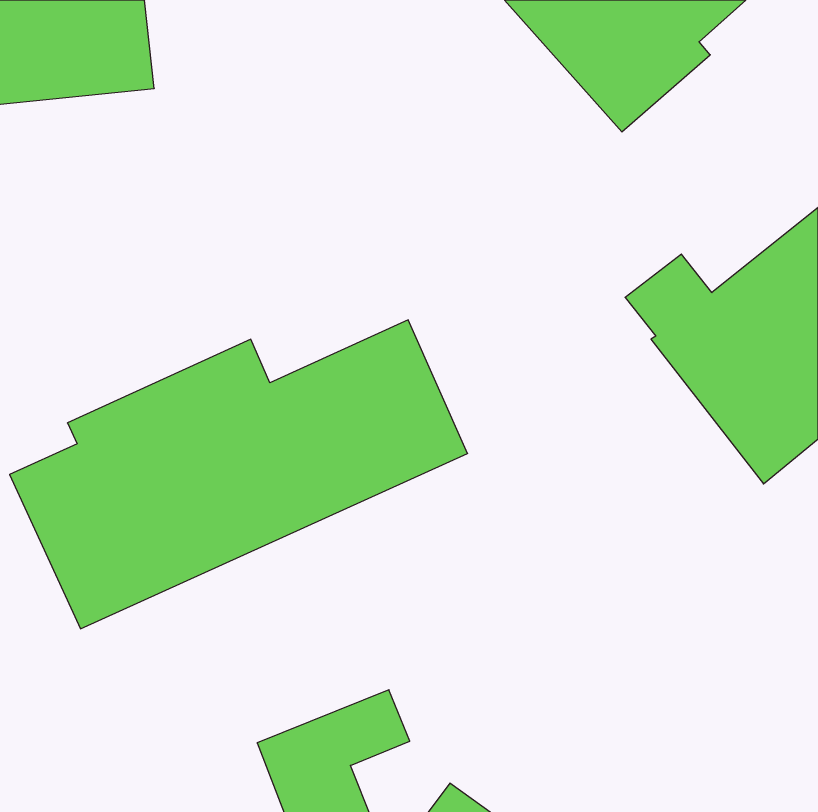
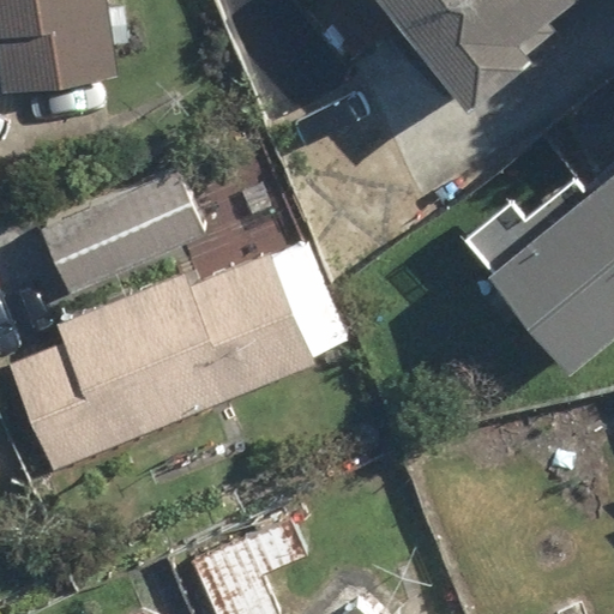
building: none -> [43,163,207,290]

